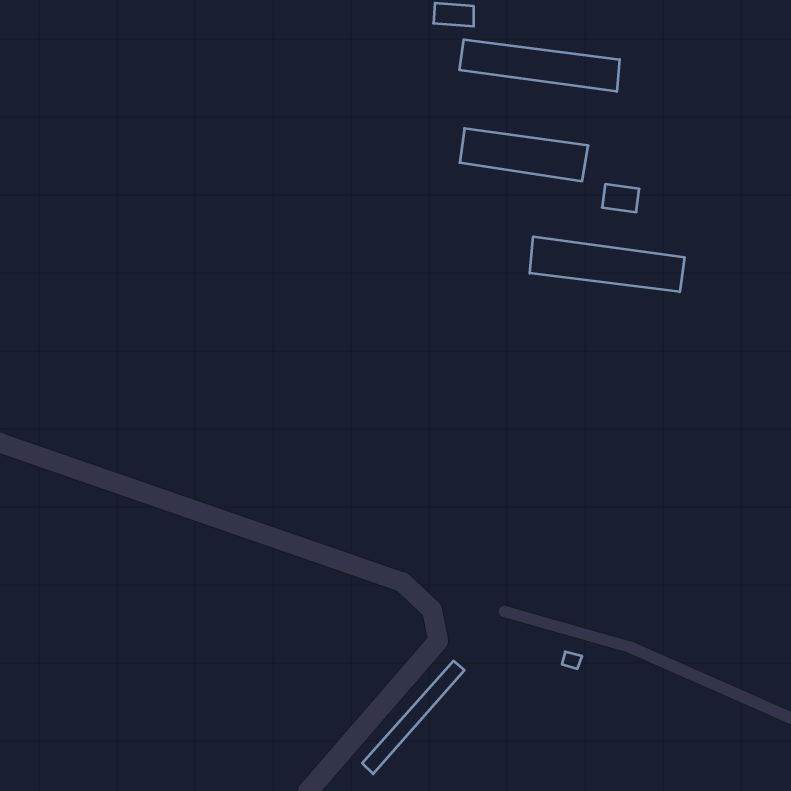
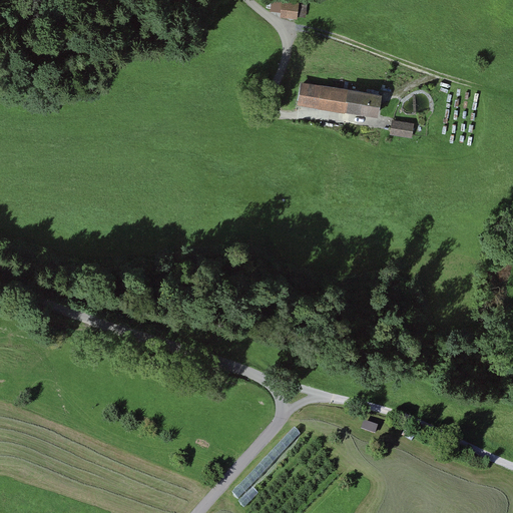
building: [460,40,620,92] -> none
building: [530,237,684,292] -> none

